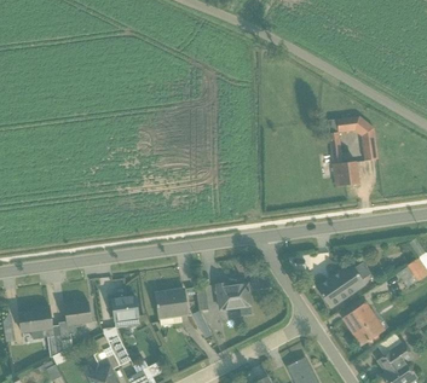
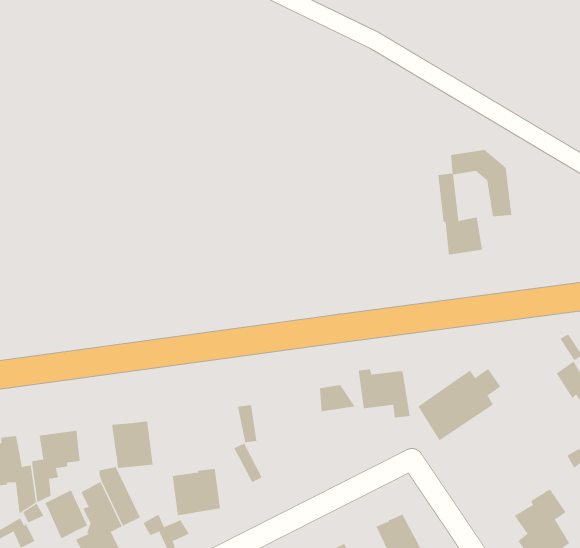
building: [217,283,252,315] -> [358,369,411,418]
building: [155,289,187,320] -> [172,469,221,516]
building: [342,302,385,346] -> none
building: none -> [45,490,88,539]

